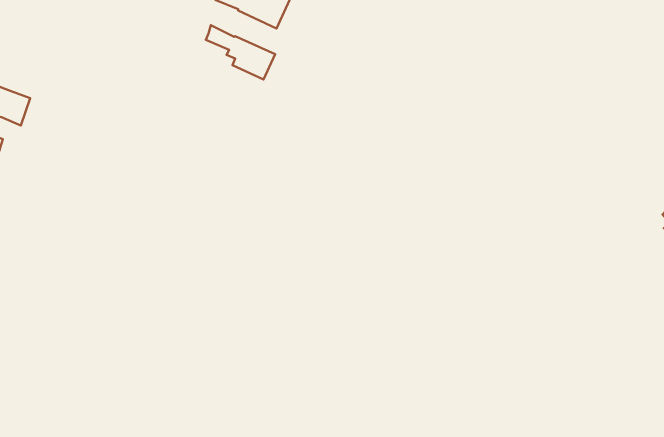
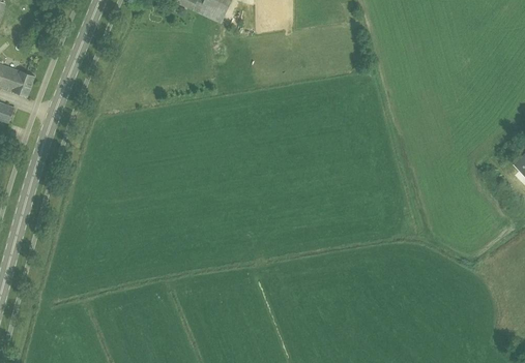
building: [206,25,275,79] -> none

